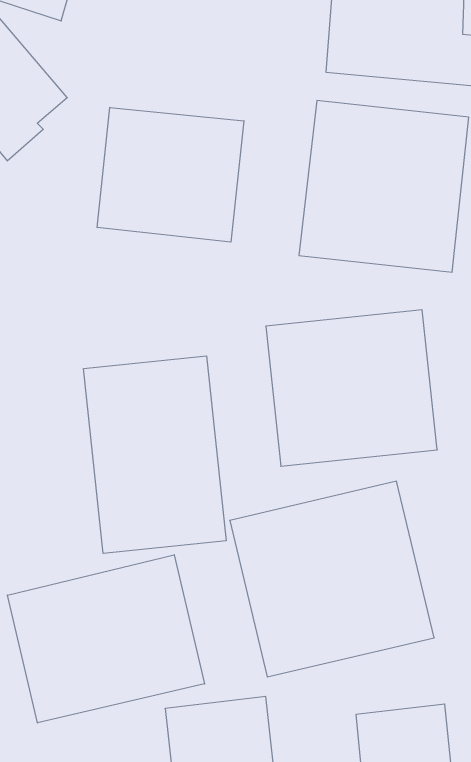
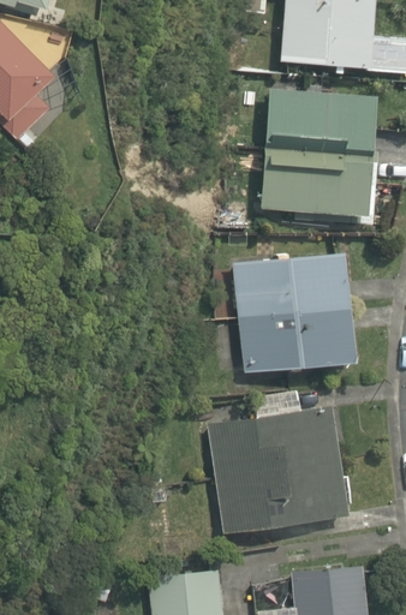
building: [97,107,244,242] -> none
building: [84,356,226,553] -> none
building: [7,555,205,723] -> none

